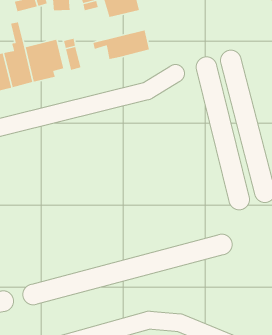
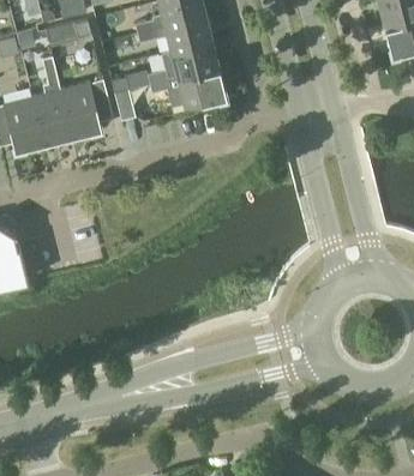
building: none -> [148,43,220,85]

